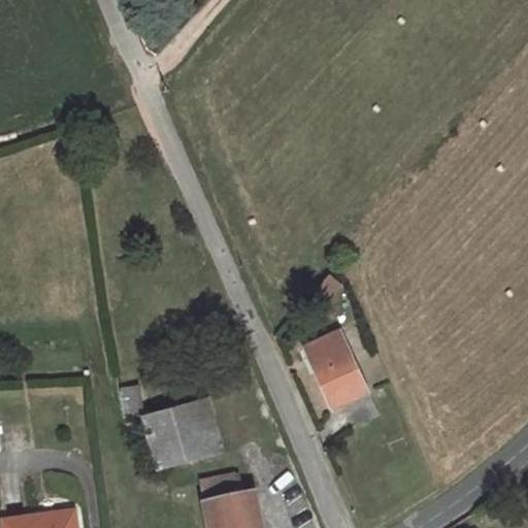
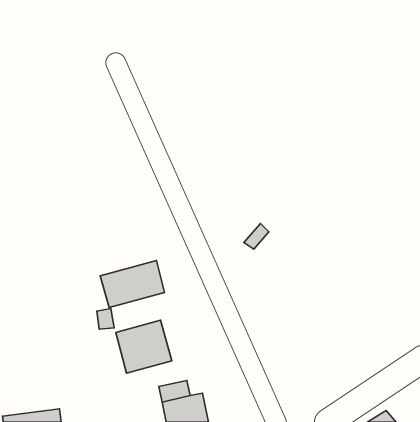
building: none -> [100,260,164,307]
building: [303,337,381,428] -> none

